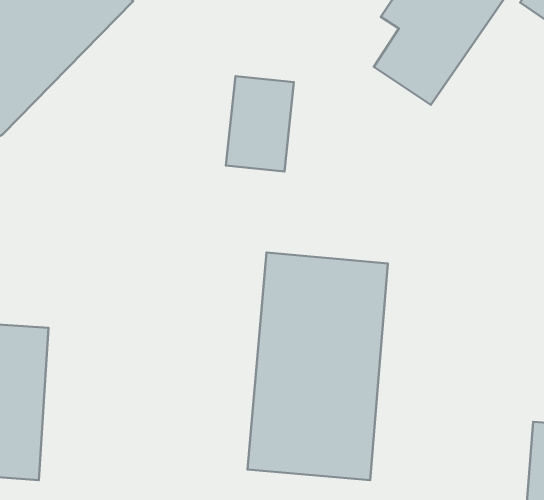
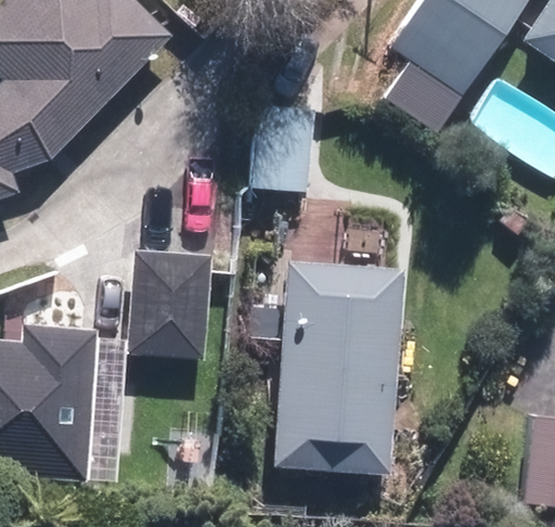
building: none -> [132,254,210,355]

